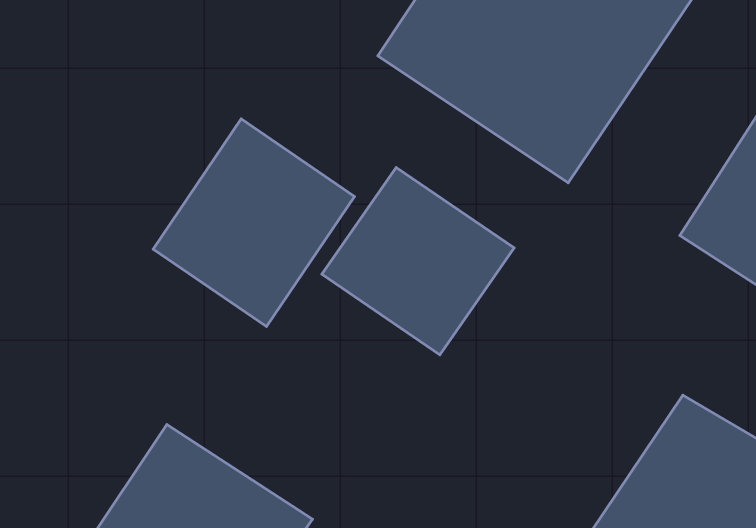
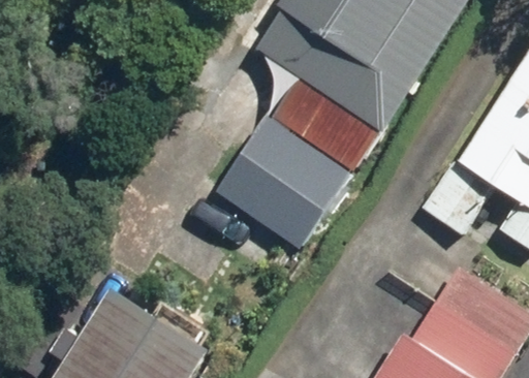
building: [153,119,354,327] -> none

